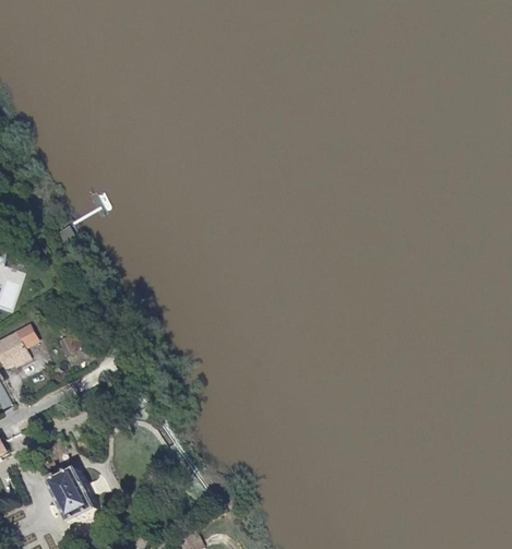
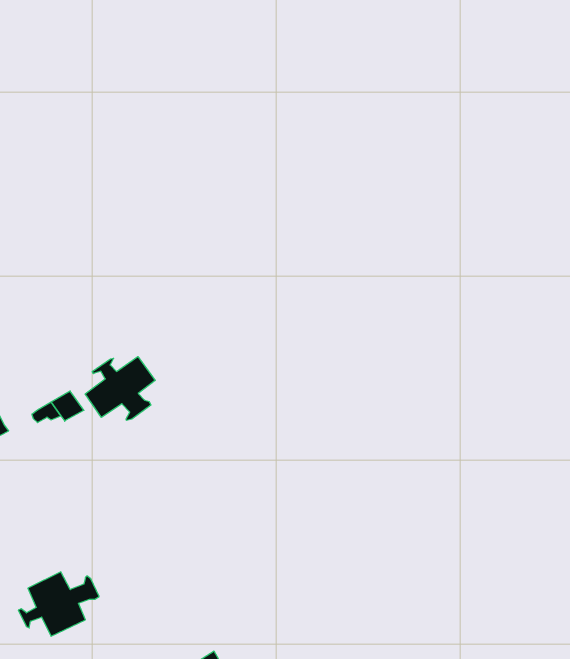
building: none -> [85,357,155,420]

